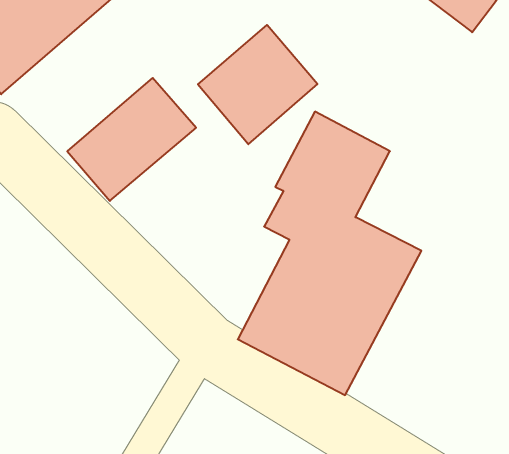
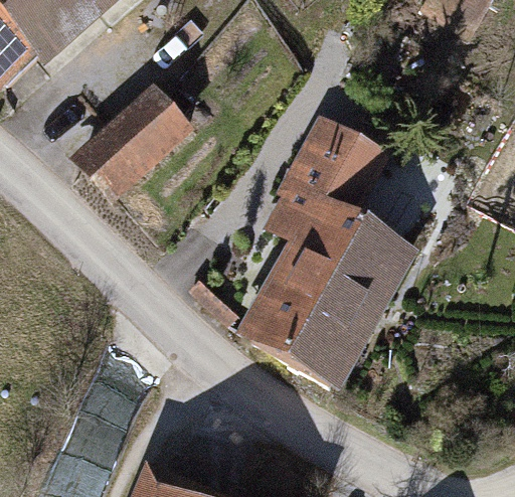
building: [198,25,317,144] -> none

